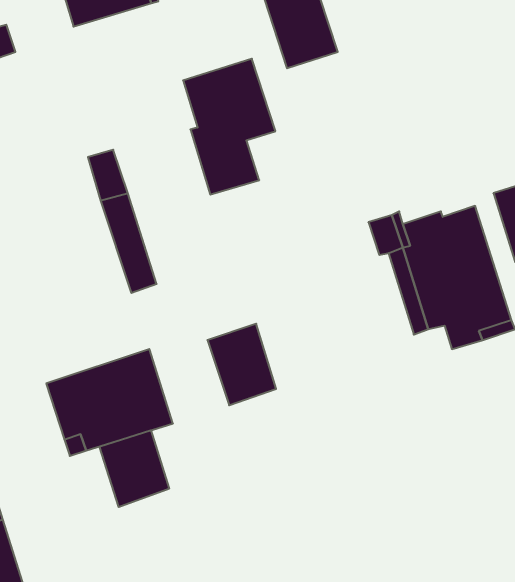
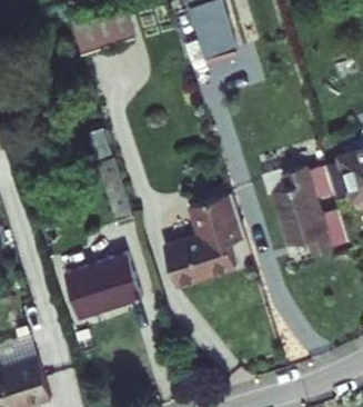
building: [183,59,275,195] -> [188,195,244,278]
building: [100,430,169,507] -> none

